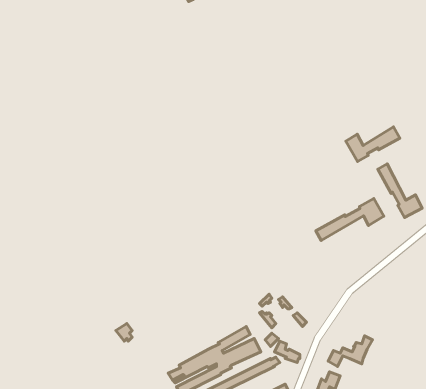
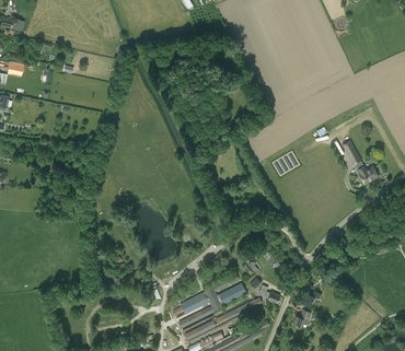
building: [346,127,400,161] -> none
building: [316,199,384,241] -> none

